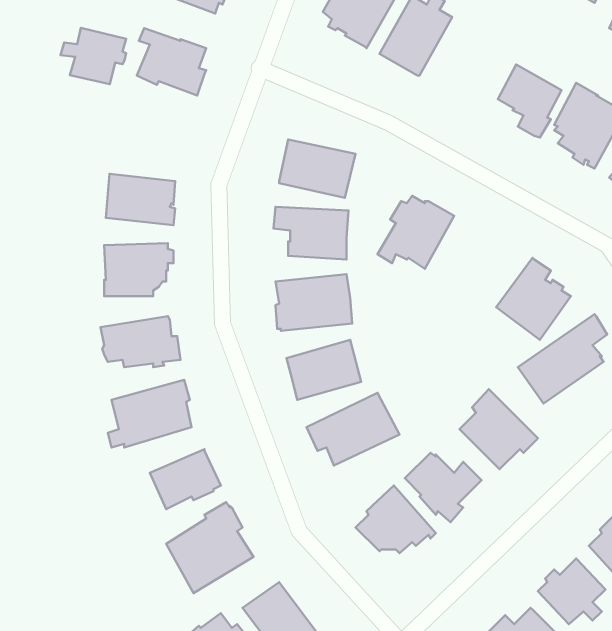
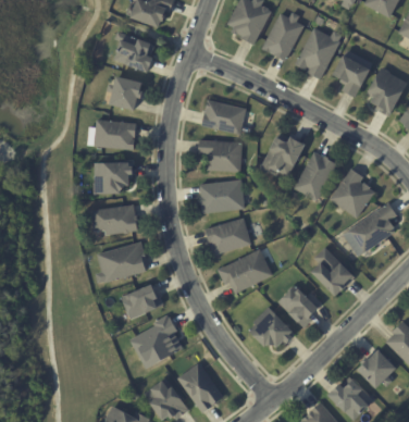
building: none -> [294,27,342,78]
building: [61,28,126,84] -> [107,75,146,109]
building: none -> [294,150,337,200]

